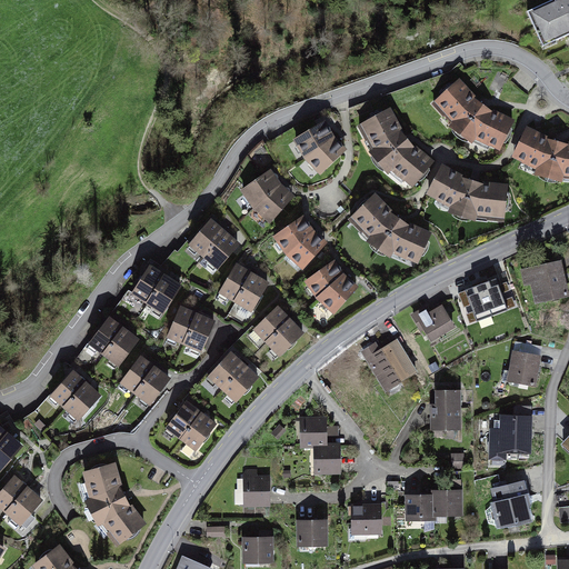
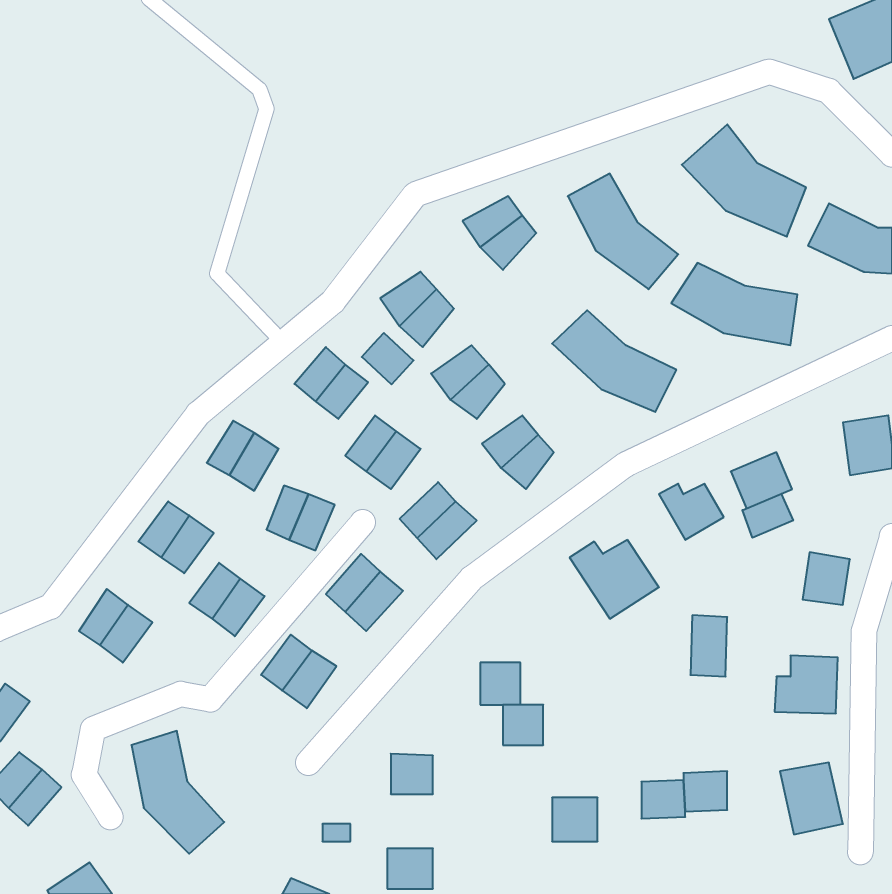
building: none -> [362,333,414,384]
building: none -> [742,494,793,538]
building: [298,521,328,547] -> none

